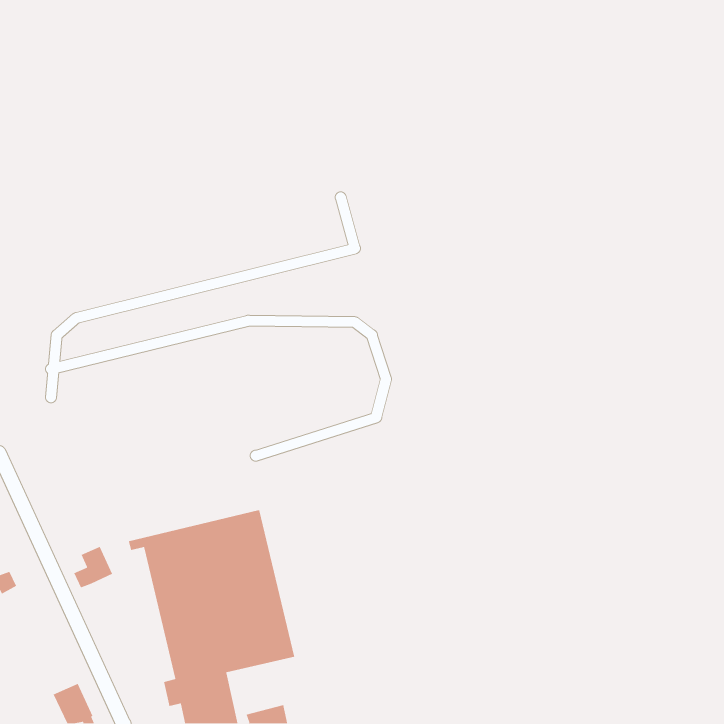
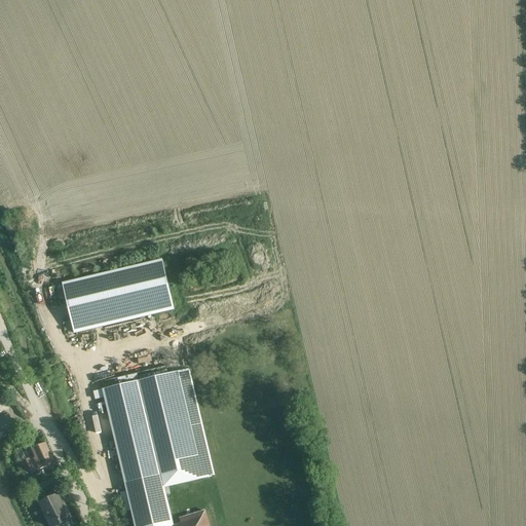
building: none -> [61,258,173,332]
building: [73,546,113,588] -> [25,442,53,473]

